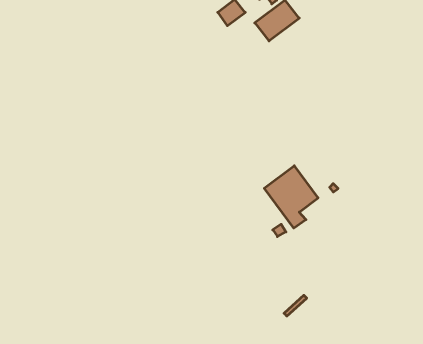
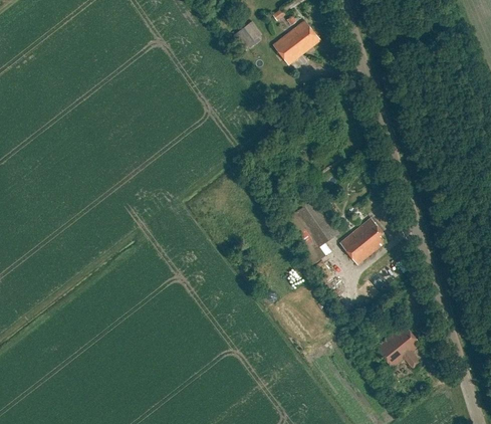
building: none -> [339,217,385,264]
building: none -> [375,325,420,368]

